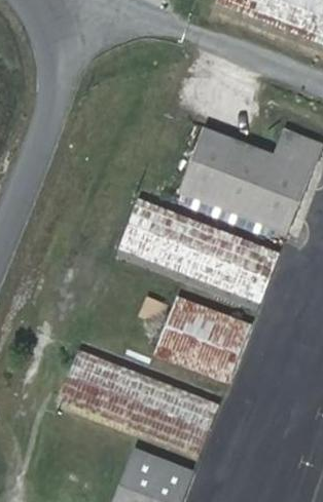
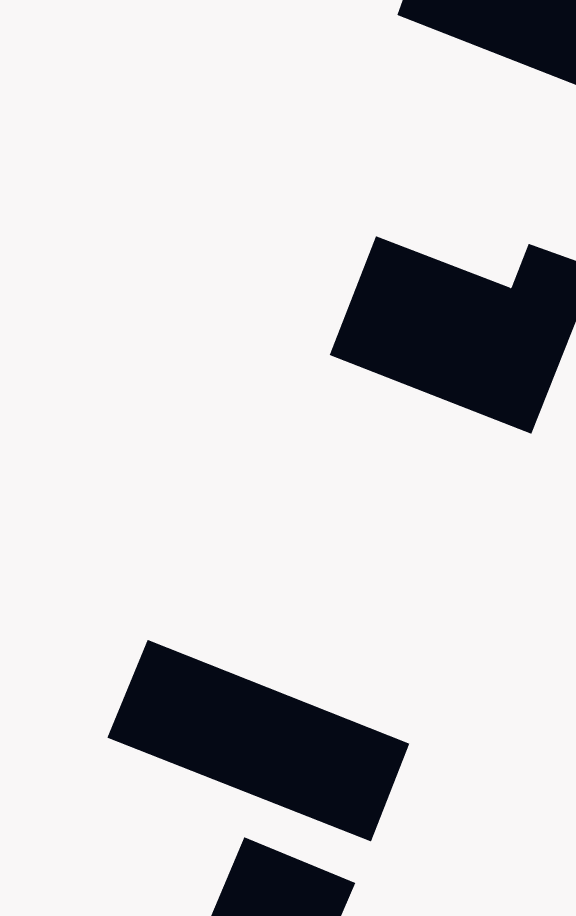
building: [123,198,284,303] -> none
building: [137,296,249,385] -> none

